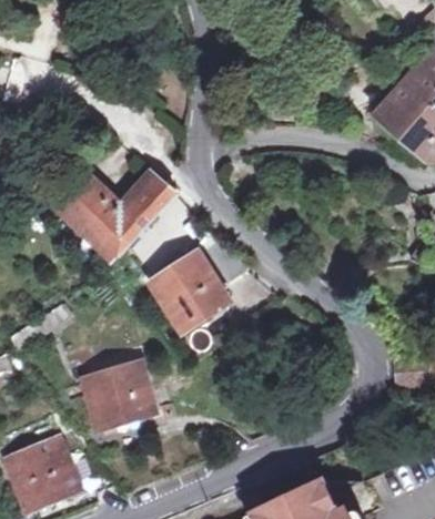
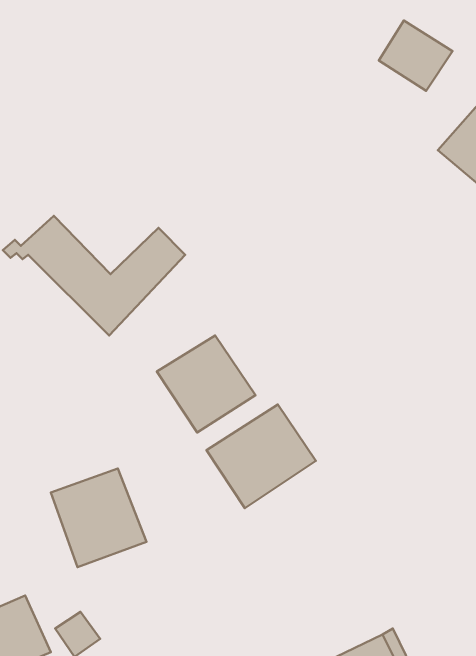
building: none -> [379,21,453,91]
building: none -> [207,405,316,508]

